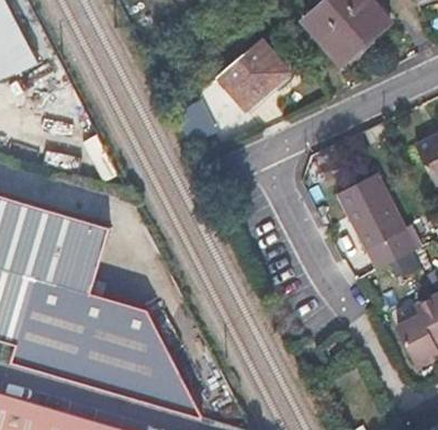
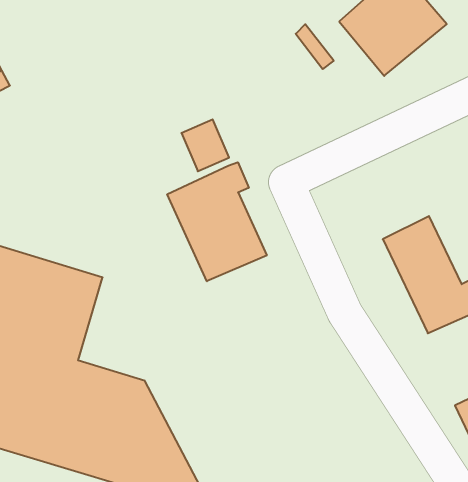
building: [215,36,289,110] -> none
building: none -> [167,162,267,281]

